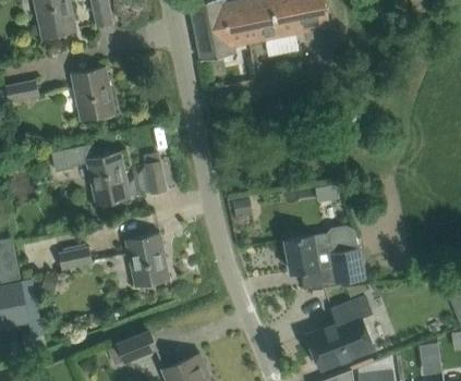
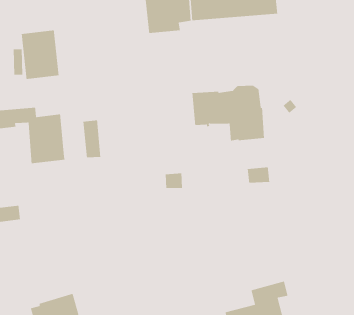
building: [284,225,364,285] -> [191,85,265,141]
building: [125,233,169,287] -> none

